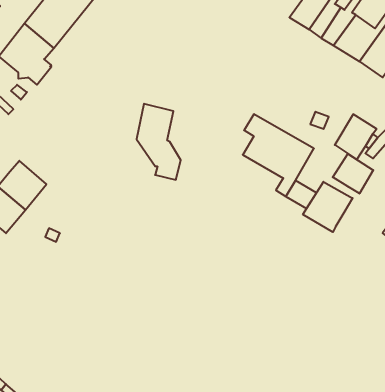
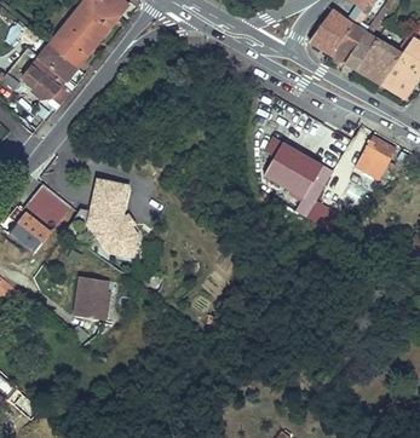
building: [137,104,181,180] -> [88,178,132,253]
building: [333,154,373,194] -> none
building: [303,182,353,232] -> none
building: none -> [71,273,103,318]

